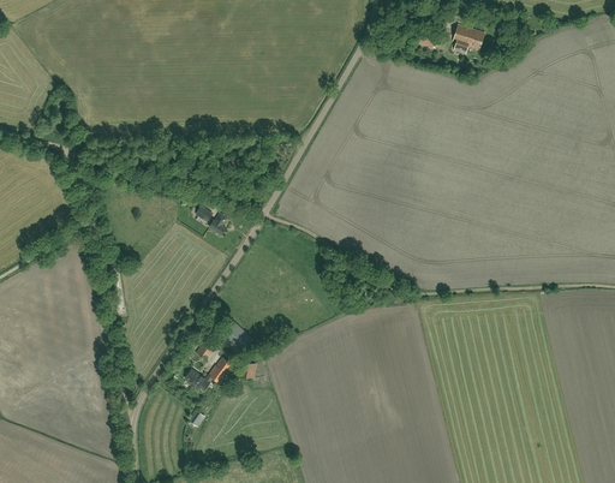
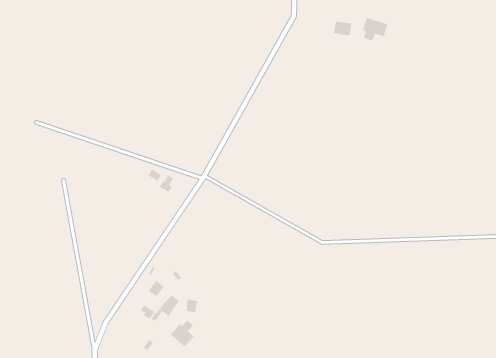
building: none -> [170,320,195,347]

